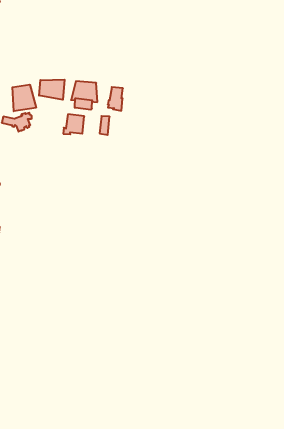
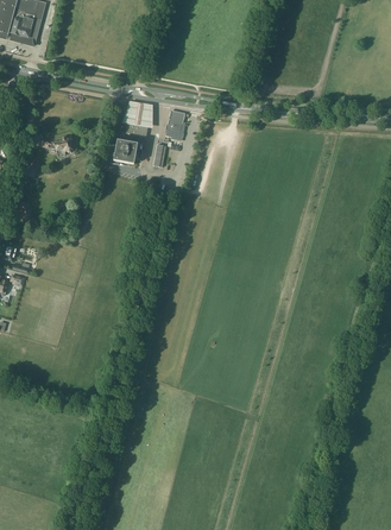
building: [39,80,65,100] -> none
building: [12,85,36,111] -> none

